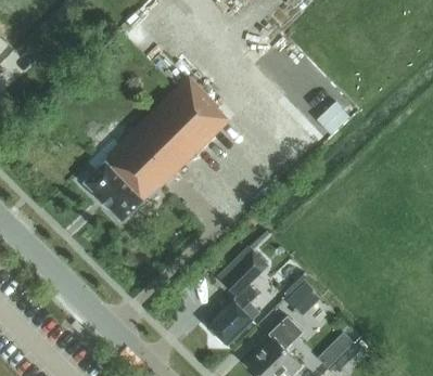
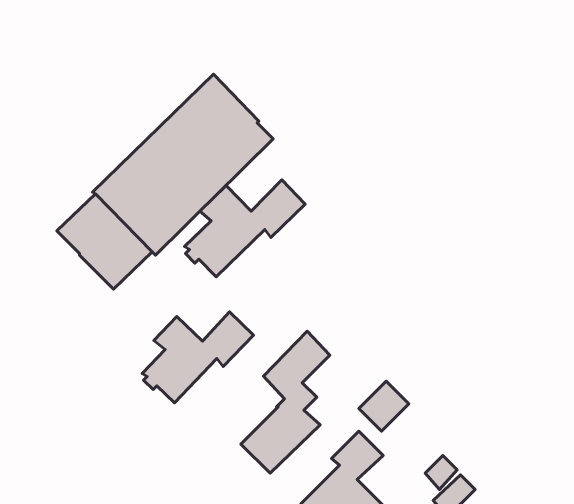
building: none -> [185,180,305,277]
building: none -> [142,312,253,403]

